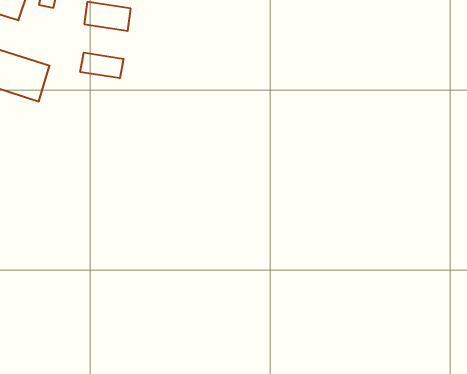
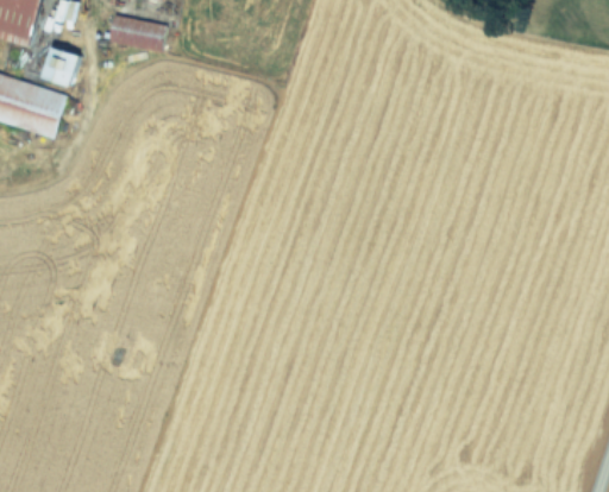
building: none -> [43,48,79,86]
building: [80,53,123,78] -> none

